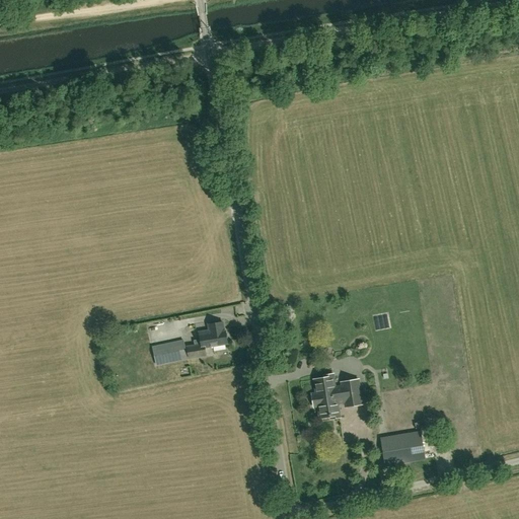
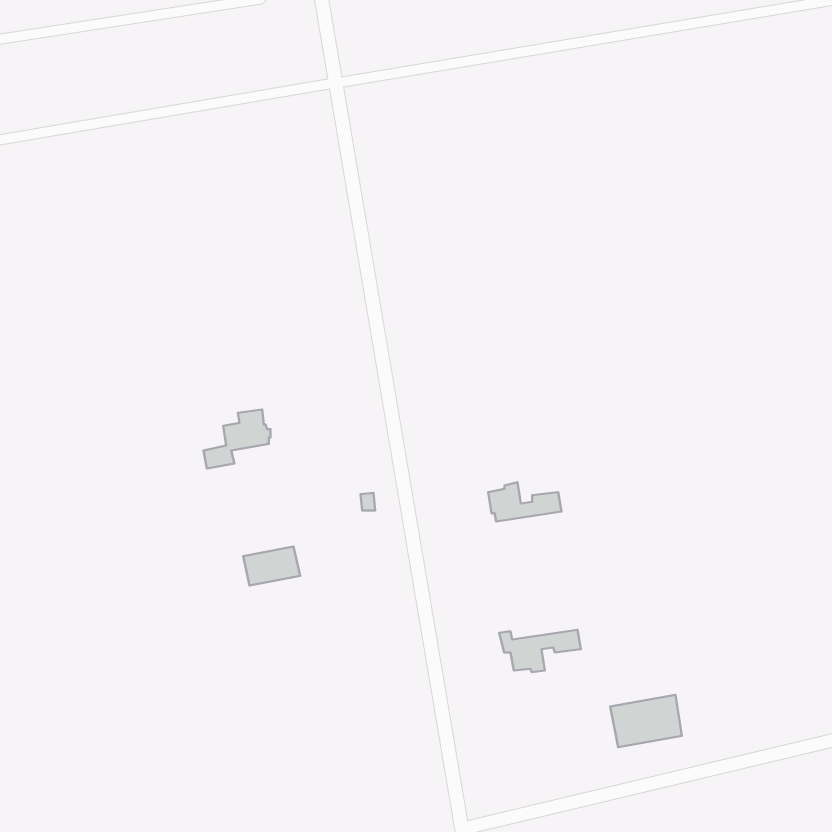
building: [186,321,227,358] -> [203,410,270,468]
building: [313,373,359,397] -> [488,482,562,521]

